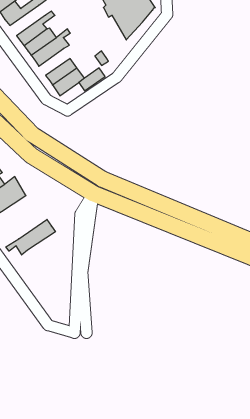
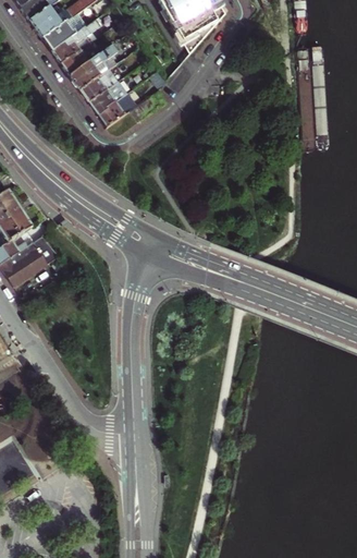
building: none -> [41,10,87,49]
building: none -> [78,65,119,100]
building: [6,219,55,255] -> none

